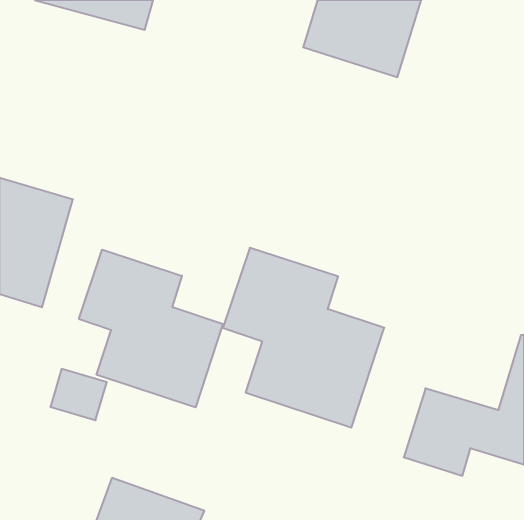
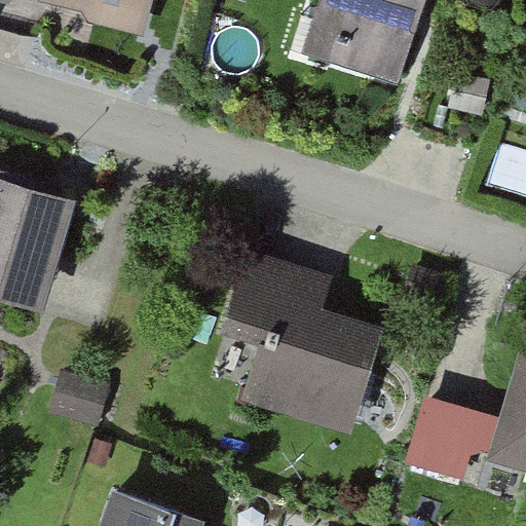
building: [79,250,223,407] -> none

